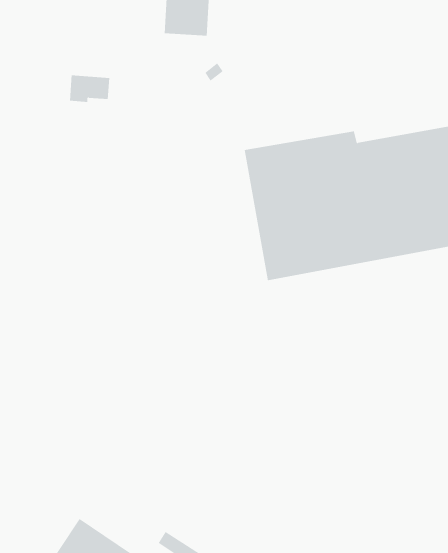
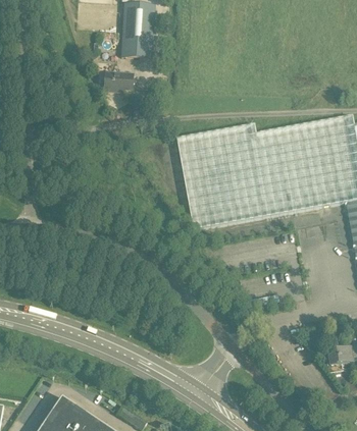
building: [69,75,110,102] -> [105,71,134,91]

